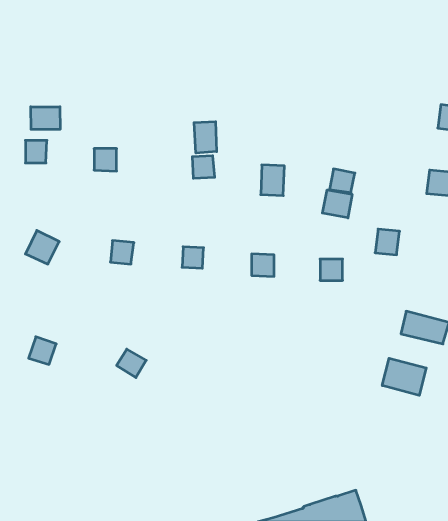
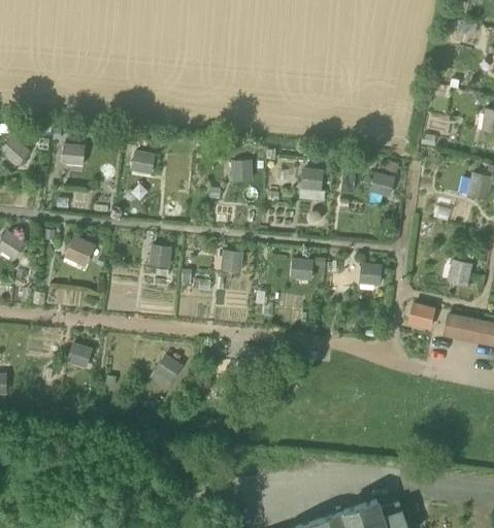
building: [31,107,60,129] -> none
building: [194,122,217,153] -> none
building: [322,190,352,218] -> none
building: [375,229,400,255] -> [448,259,472,285]
building: none -> [408,302,434,327]
building: [382,358,426,395] -> none

